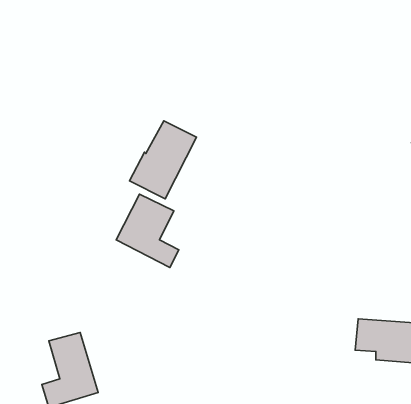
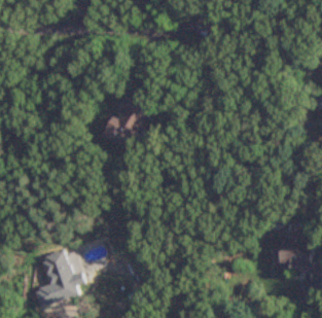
building: [116,194,179,267] -> none

